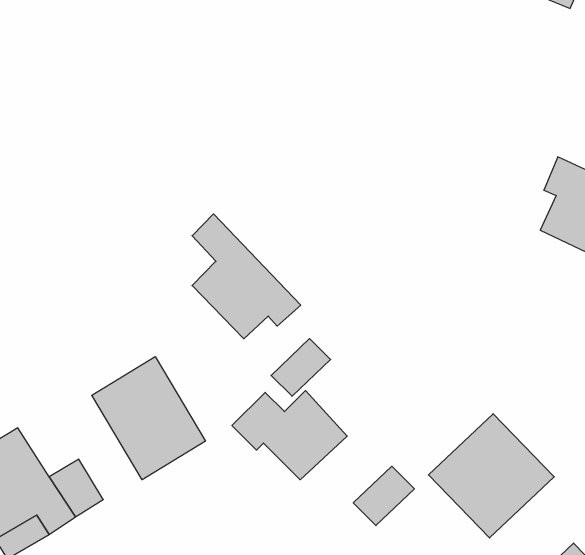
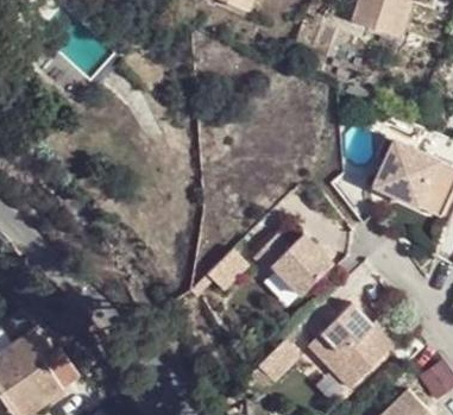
building: [192,214,301,339] -> none
building: [92,357,205,480] -> none
building: [232,391,347,480] -> [248,240,327,301]

